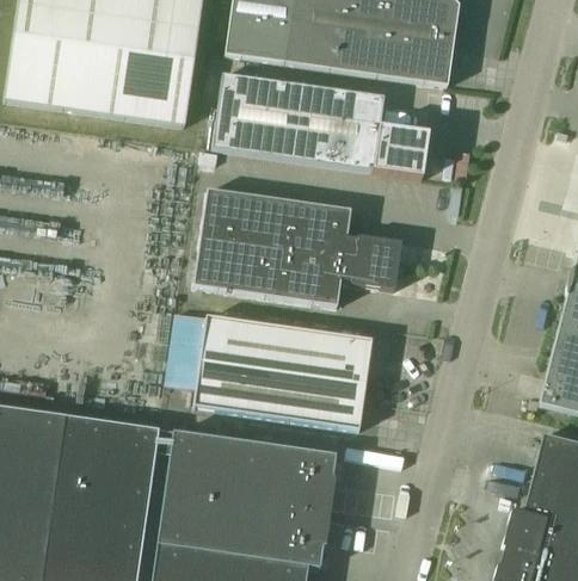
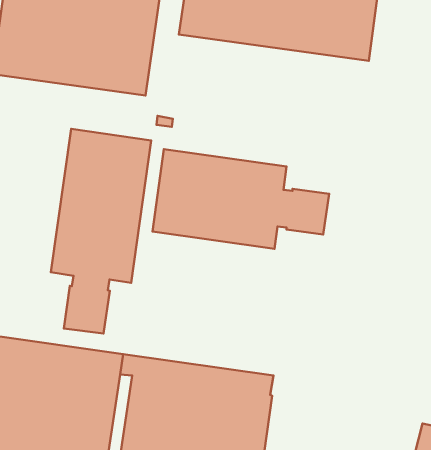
building: [213,73,429,177] -> none
building: none -> [51,129,151,333]
building: [168,310,373,428] -> none

